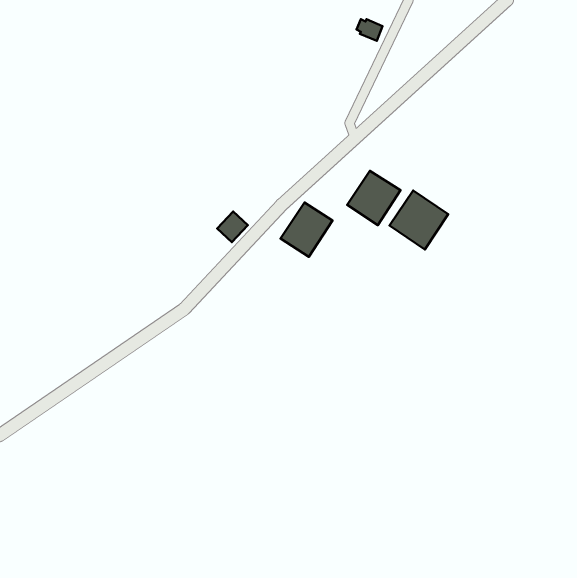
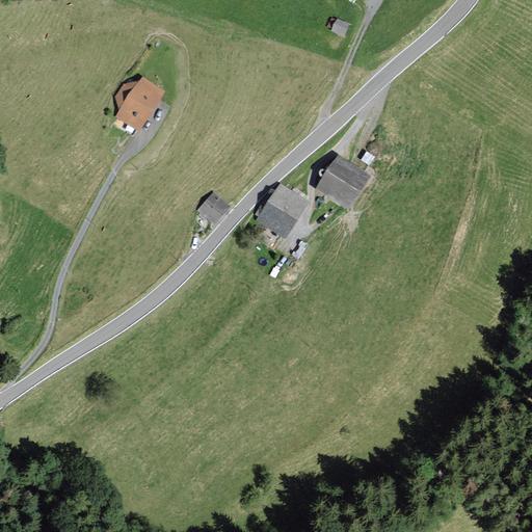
building: none -> [114,76,165,131]
building: [390,190,448,249] -> none

